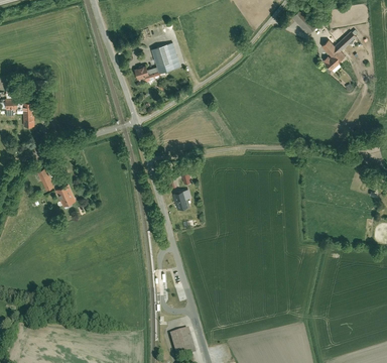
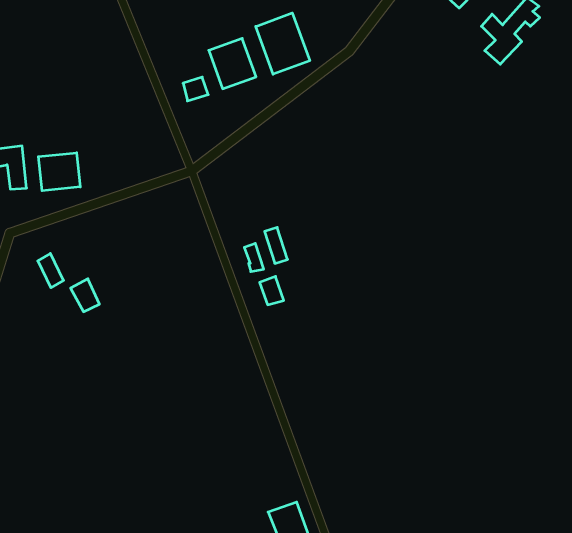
building: none -> [256,13,310,74]
building: none -> [38,153,80,191]

